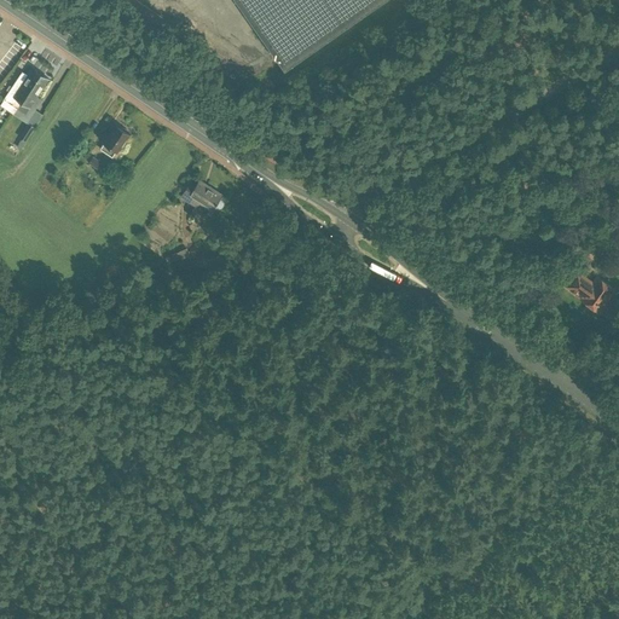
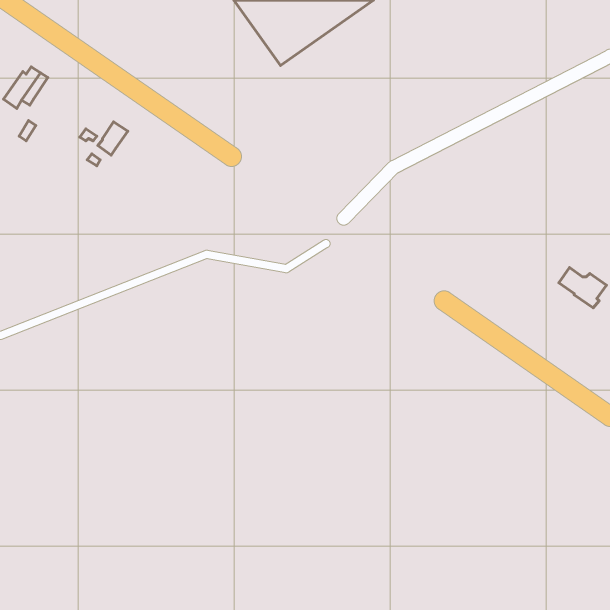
building: [181,180,224,210] -> none

